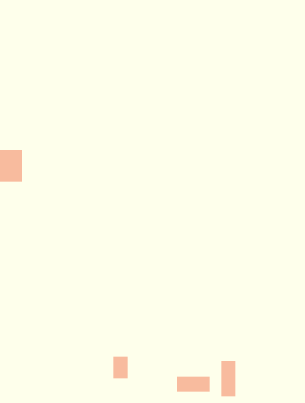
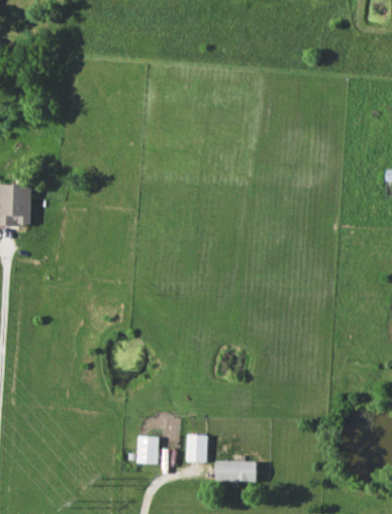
building: none -> [185,435,206,461]
building: [221,360,236,397] -> none

